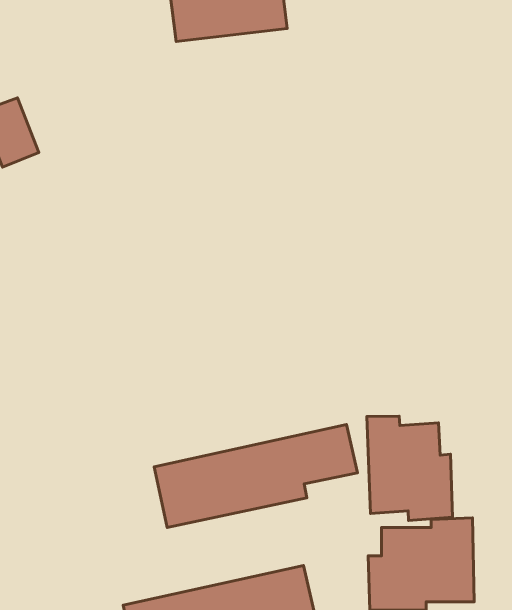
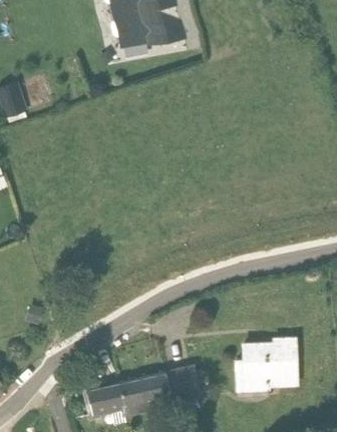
building: [367,416,452,520] -> none
building: [154,425,357,528] -> none

